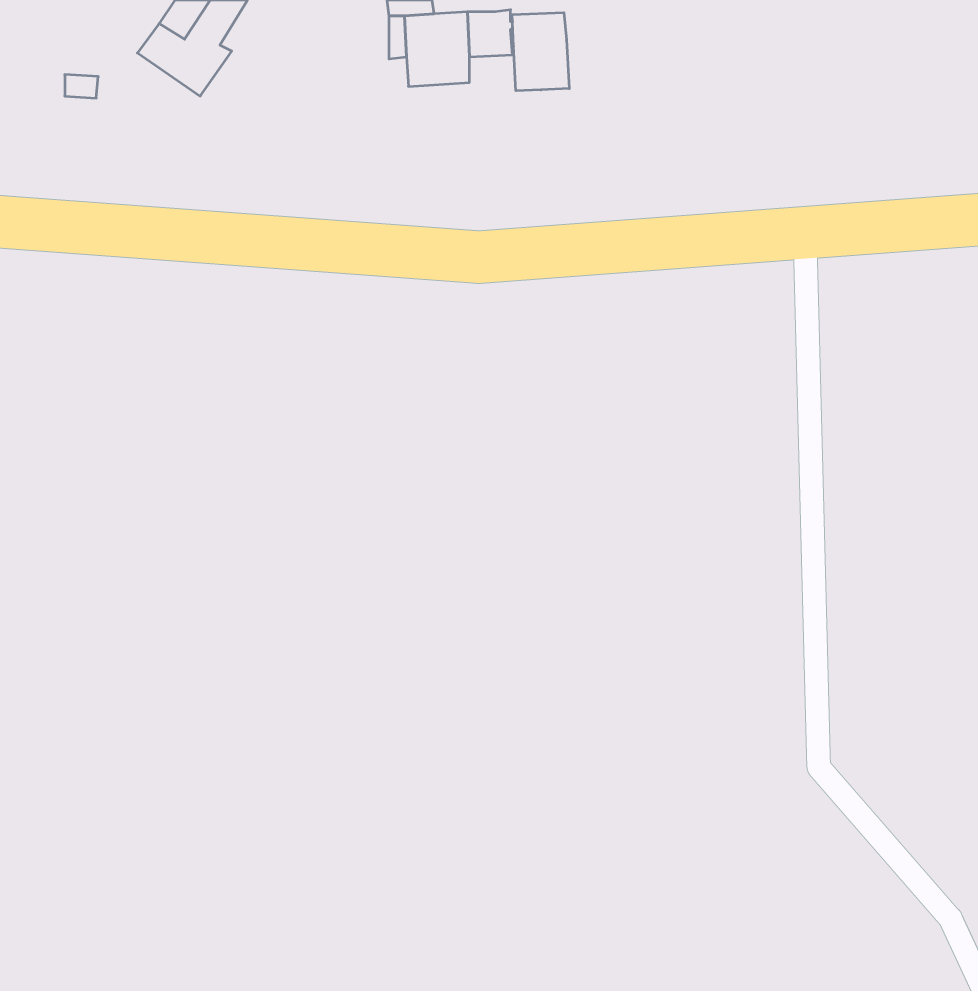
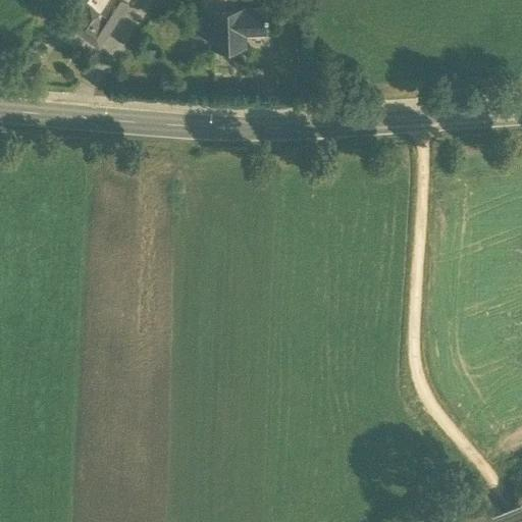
building: [512,13,569,91] -> none

